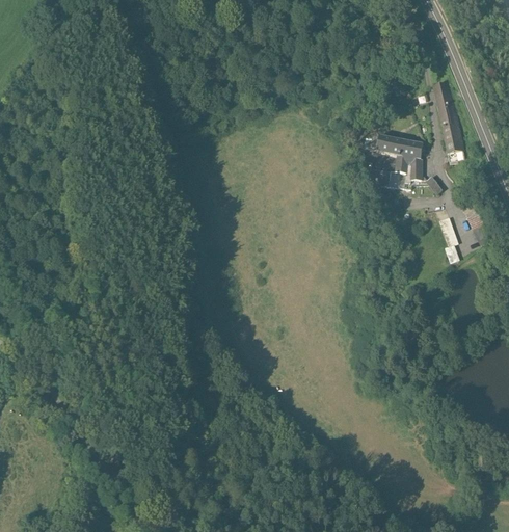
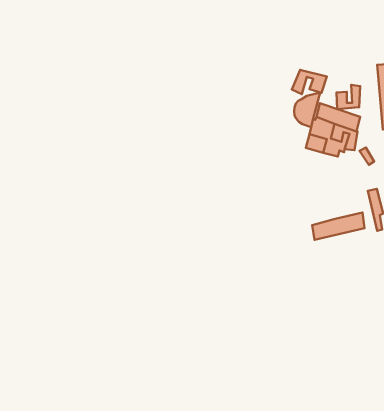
building: none -> [292,70,327,94]
building: none -> [337,85,360,109]
building: none -> [312,212,365,240]

